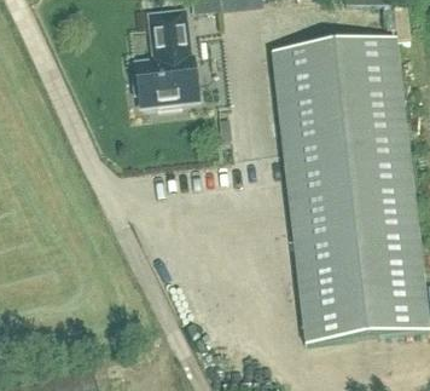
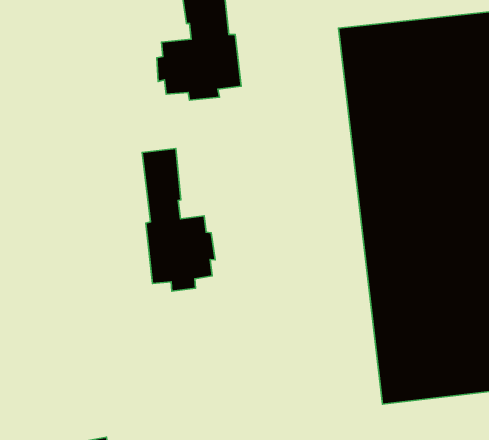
building: none -> [142,148,215,291]

